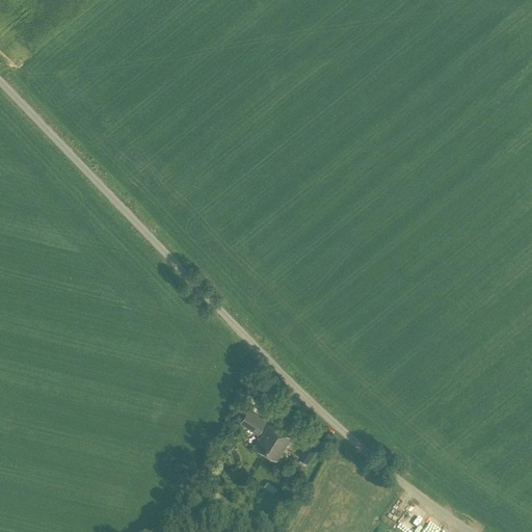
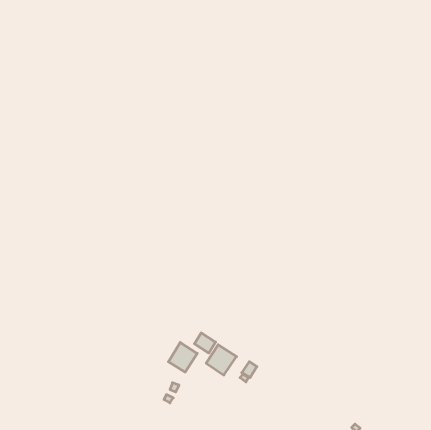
building: none -> [168,342,197,372]

